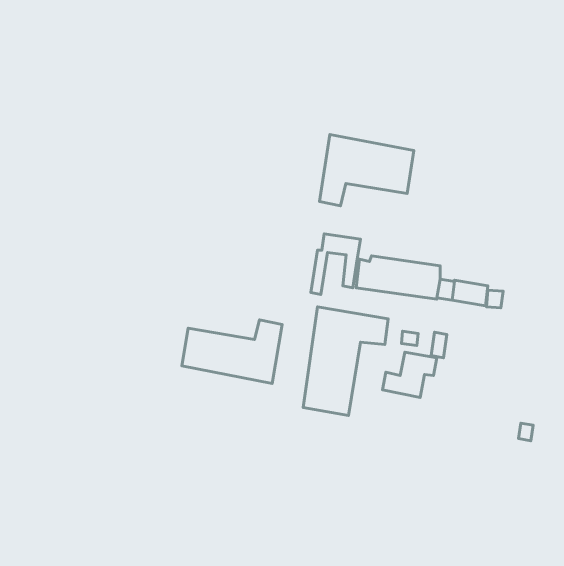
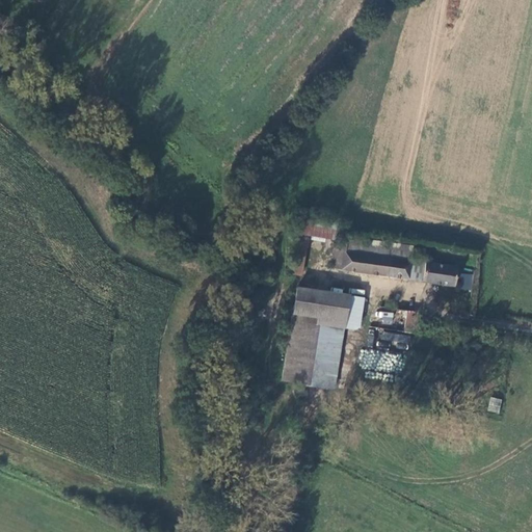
building: [319,134,414,206] -> none
building: [182,320,282,384] -> none

